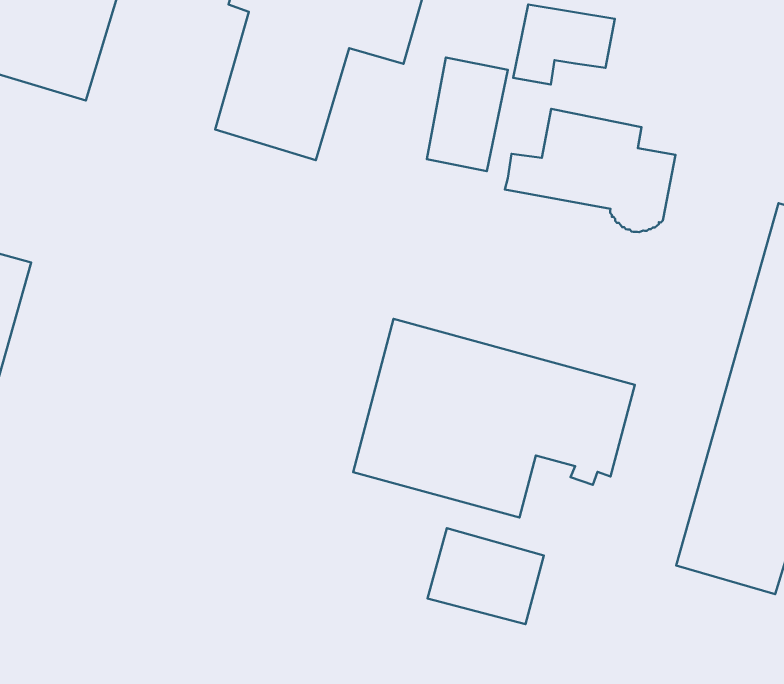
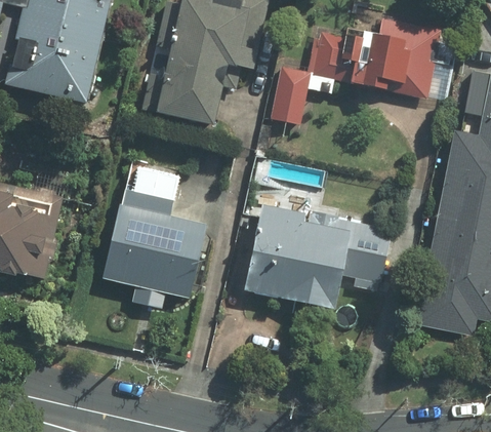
building: [505,109,676,232] -> [344,36,435,99]
building: none -> [101,162,208,307]
building: [428,528,544,624] -> none

